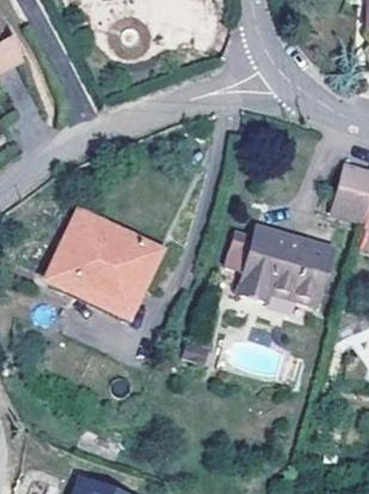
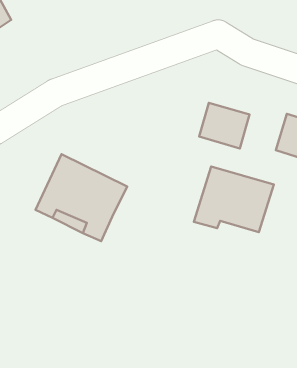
building: none -> [199,103,249,148]

